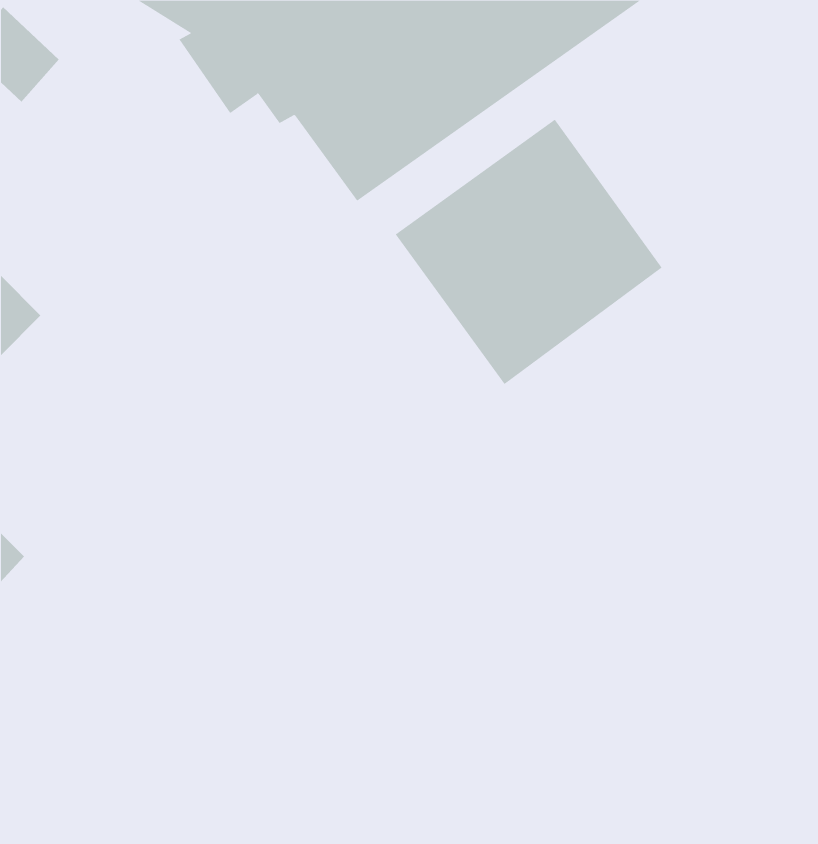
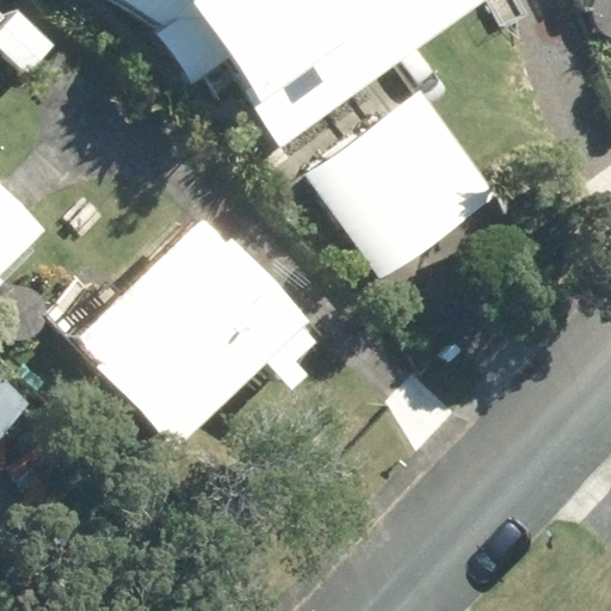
building: none -> [61,212,306,445]

